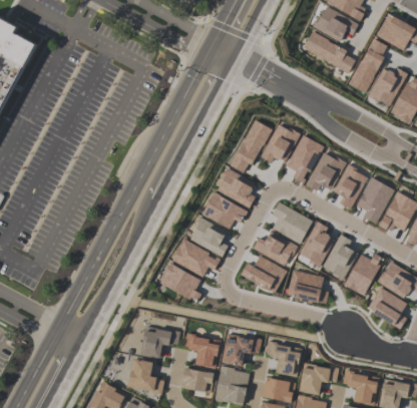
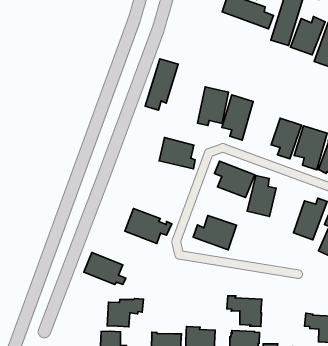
building: [231,120,271,172] -> [145,59,178,110]
building: [306,152,345,191] -> none
building: [201,191,248,229] -> none
building: [188,219,228,257] -> none
building: [253,232,297,267] -> none
building: [323,235,357,279] -> none
building: [159,263,201,300] -> [84,253,126,284]
building: [287,271,328,305] -> none
building: [183,333,221,368] -> none
building: [222,334,262,366] -> none
building: [298,362,339,394] -> none

